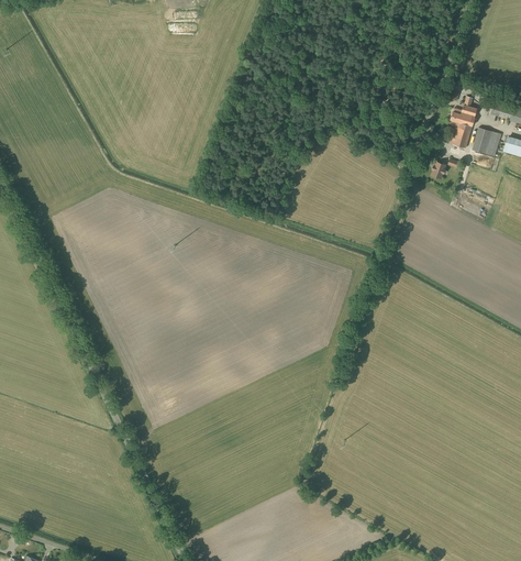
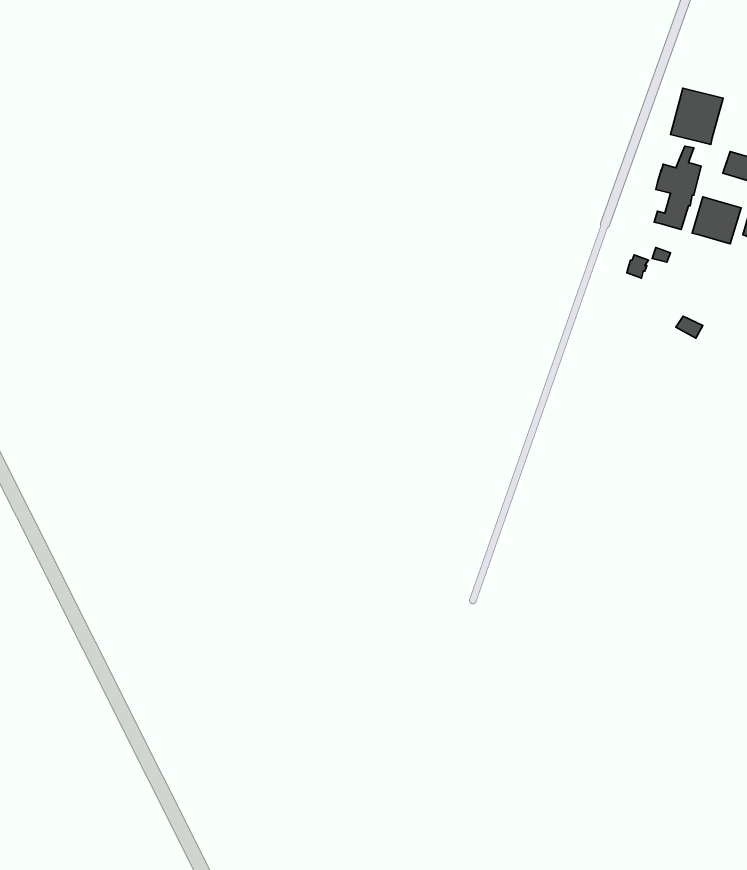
building: none -> [670,88,723,145]

